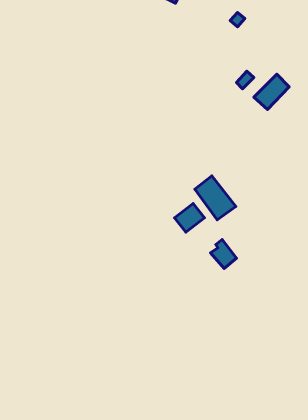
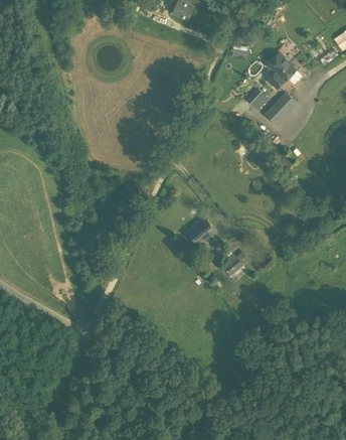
building: none -> [266,52,296,90]
building: [195,176,236,220] -> none

